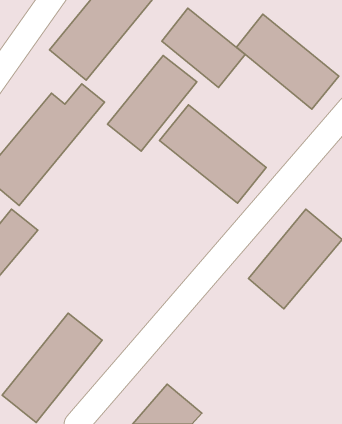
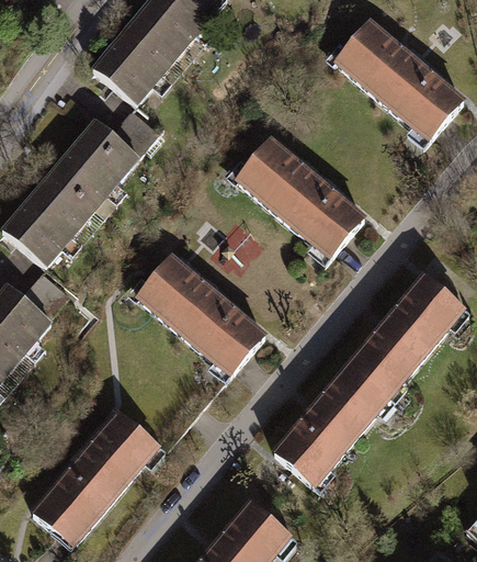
building: [162,8,245,87] -> none
building: [108,55,197,151] -> none
building: none -> [132,251,268,379]
building: none -> [272,361,394,491]

